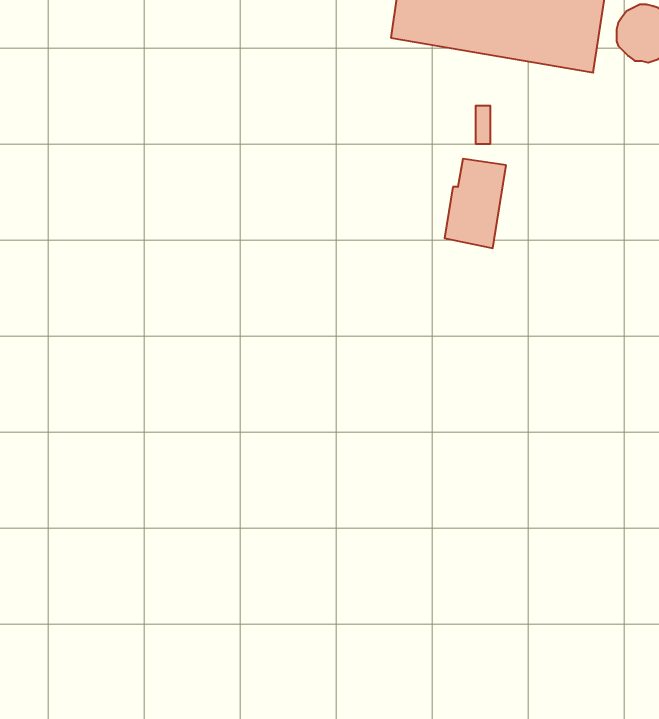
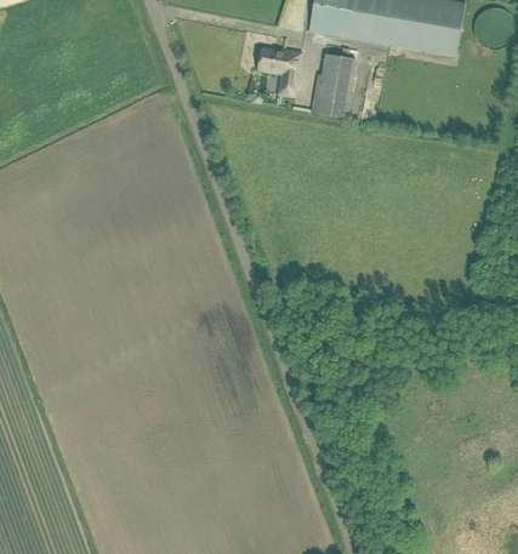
building: none -> [257,46,302,96]
building: [445,159,506,248] -> [311,52,355,118]

